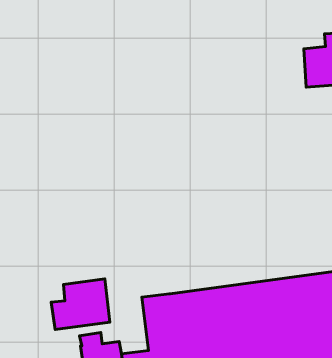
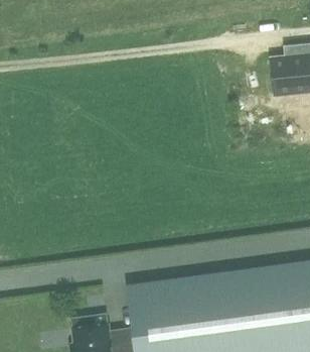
building: [51,279,110,329] -> none

